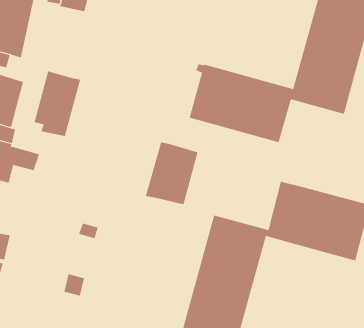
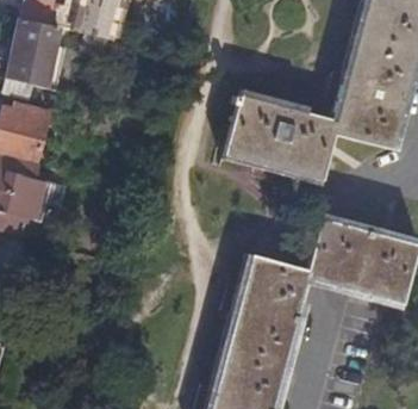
building: [34,71,81,137] -> none
building: [145,141,198,205] -> none

